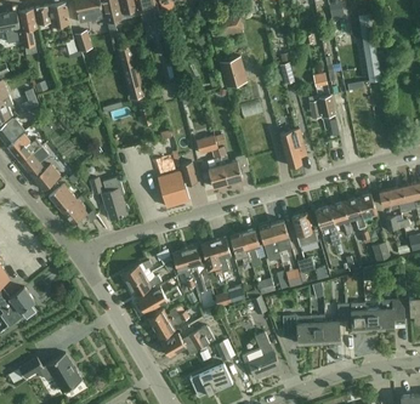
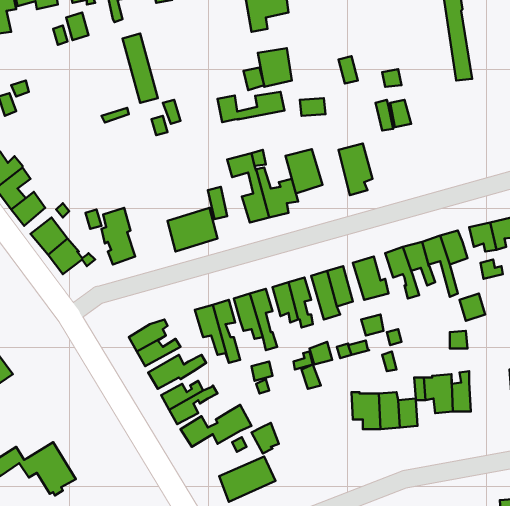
building: none -> [218,92,284,122]
building: none -> [286,149,323,193]
building: [379,300,404,330] -> none
building: [243,332,280,379] -> none

